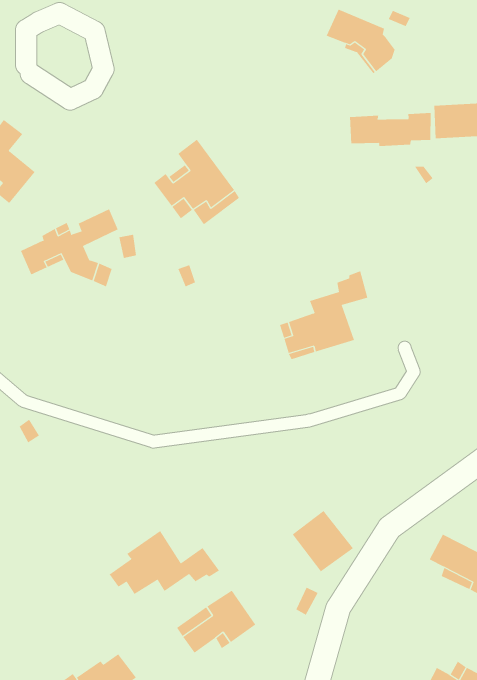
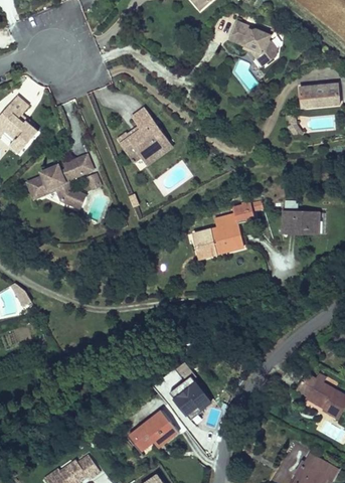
building: [350,112,431,147] -> none
building: none -> [291,207,322,230]
building: [292,510,354,572] -> [171,377,212,419]
building: [109,530,220,595] -> none

